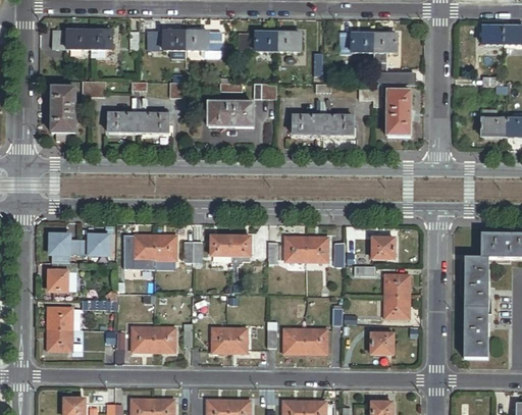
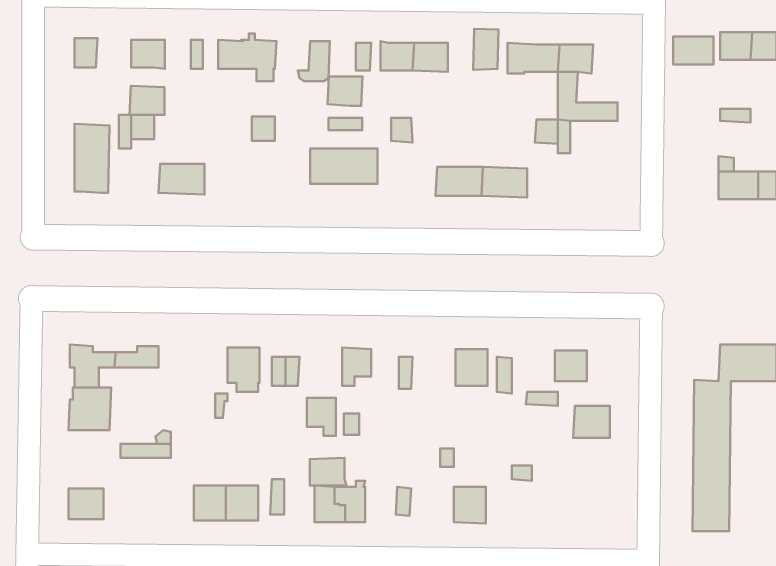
building: none -> [473,29,498,70]
building: none -> [673,37,713,65]
building: [66,30,90,49] -> [129,86,165,115]
building: [186,32,209,51] -> [327,77,363,106]
building: [387,91,411,136] -> none
building: [139,113,169,134] -> none
building: [134,235,154,259] -> none
building: [211,236,230,261] -> [307,398,336,436]
building: [284,237,306,261] -> none
building: [384,296,409,317] -> none
building: [48,308,72,329] -> none
building: none -> [310,458,346,485]
building: [283,328,305,352] -> none
building: [371,332,393,354] -> none

